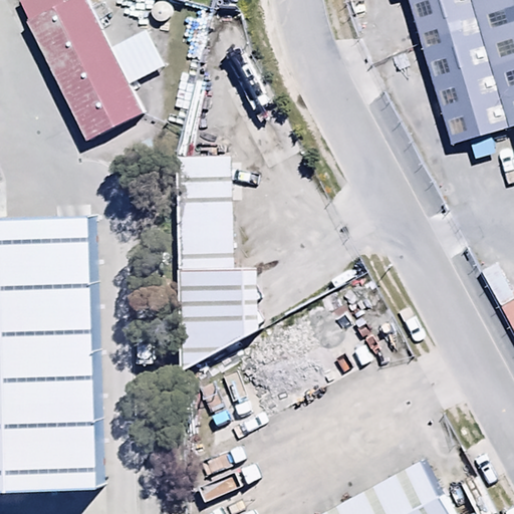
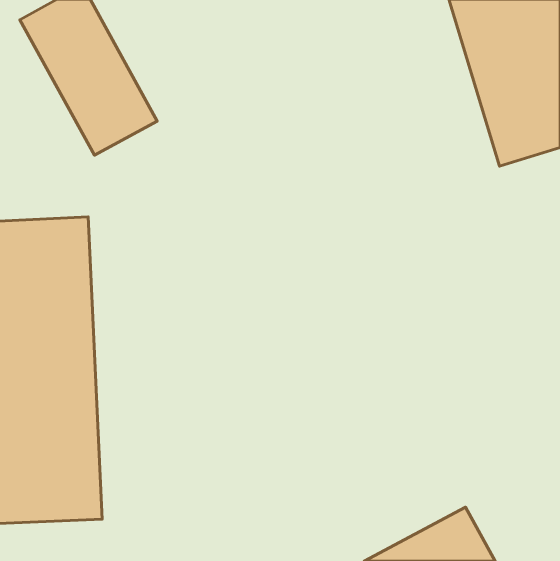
building: [178,161,264,376] -> none

